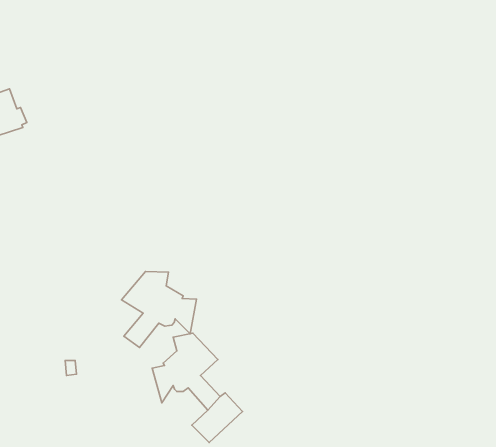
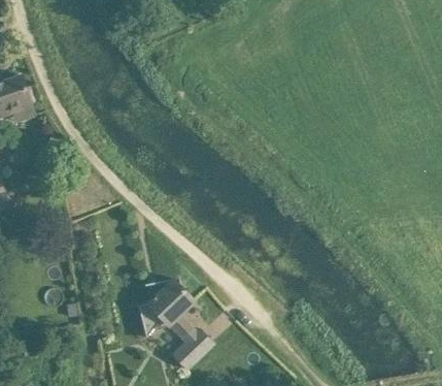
building: [121,271,196,347] -> none

